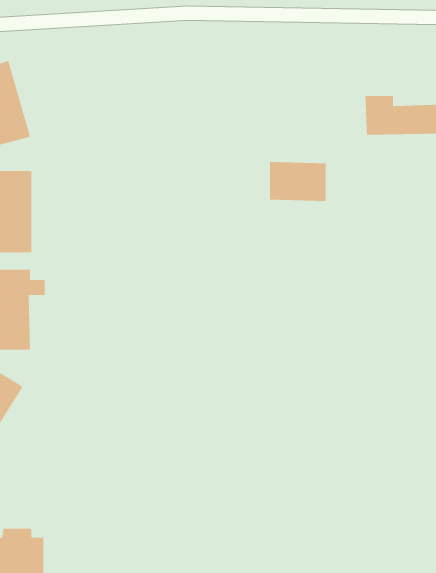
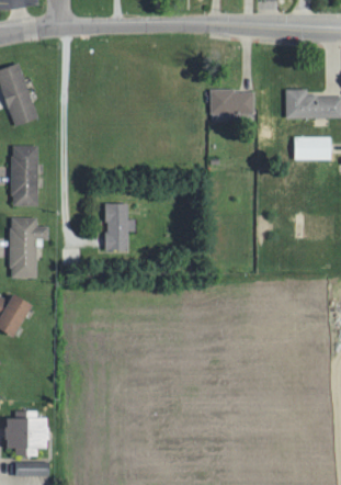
building: none -> [294,135,331,159]
building: [269,162,326,201] -> [211,89,253,119]
building: none -> [104,202,136,250]

